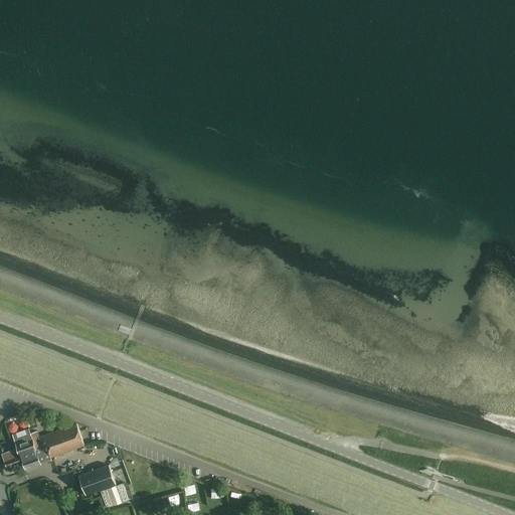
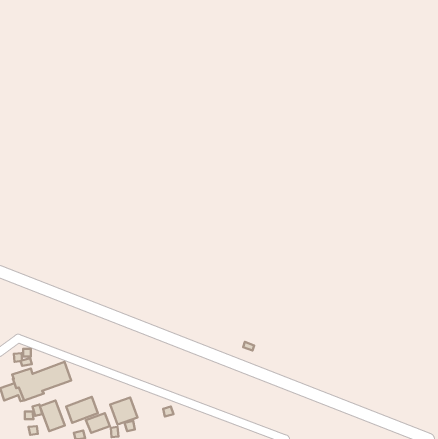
building: none -> [110,397,138,425]
building: none -> [40,400,65,431]

